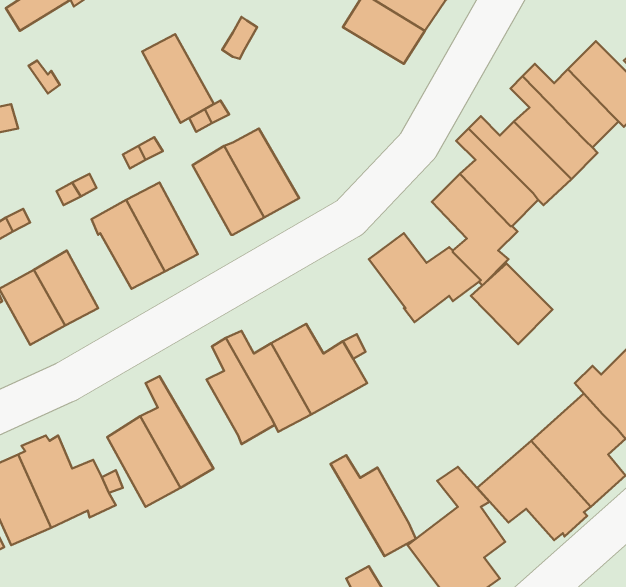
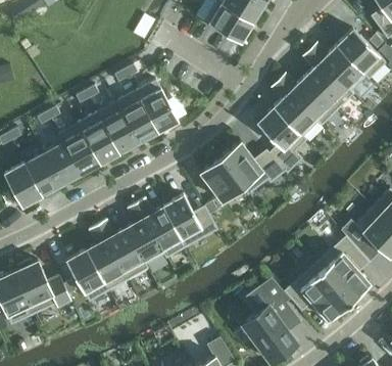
building: [142,34,214,123] -> [97,101,139,153]
building: none -> [43,141,81,185]
building: none -> [199,156,241,200]
building: [471,263,553,344] -> none
building: [330,455,416,556] -> [97,220,147,279]

